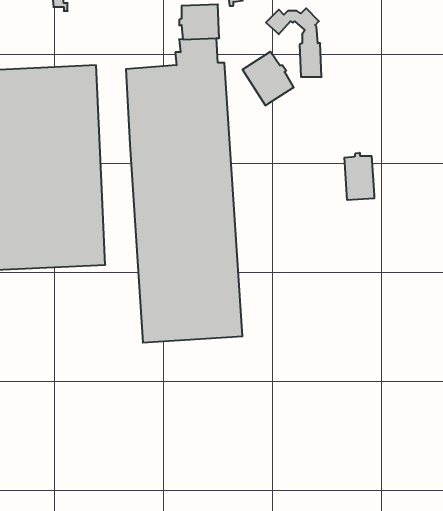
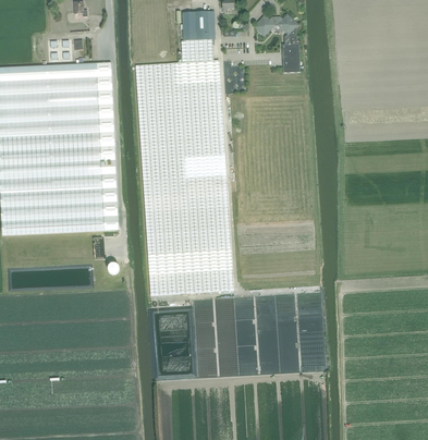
building: [243,52,294,106] -> none
building: [344,153,374,200] -> none

